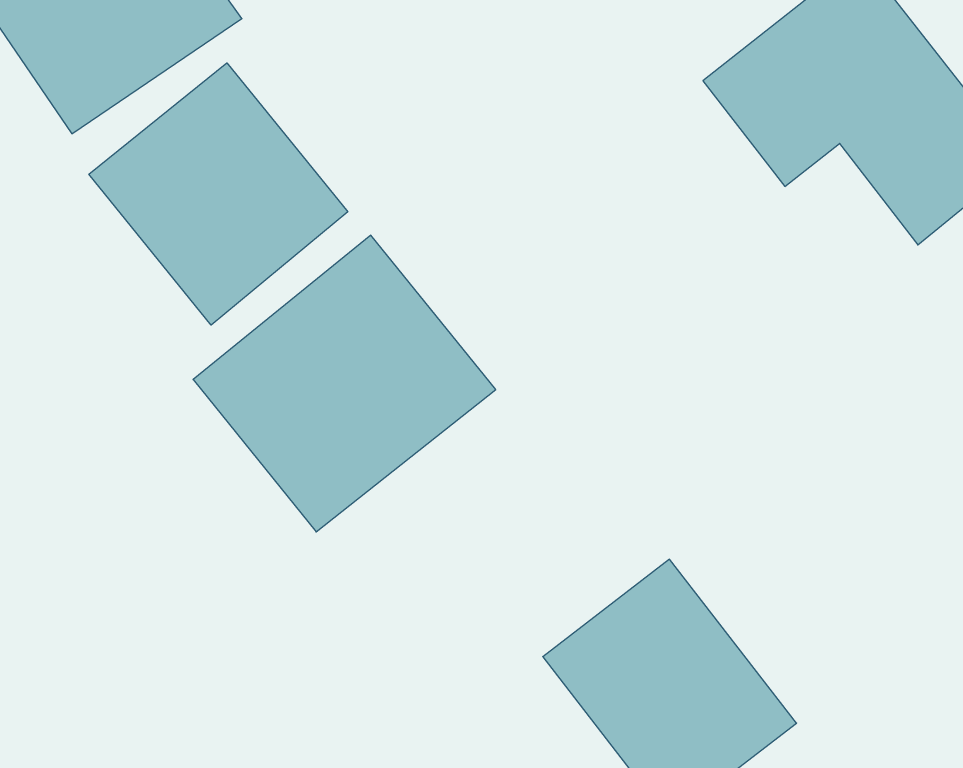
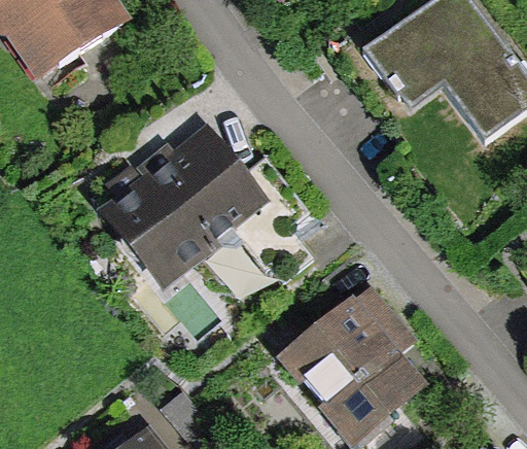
building: [89,63,348,325] -> none

